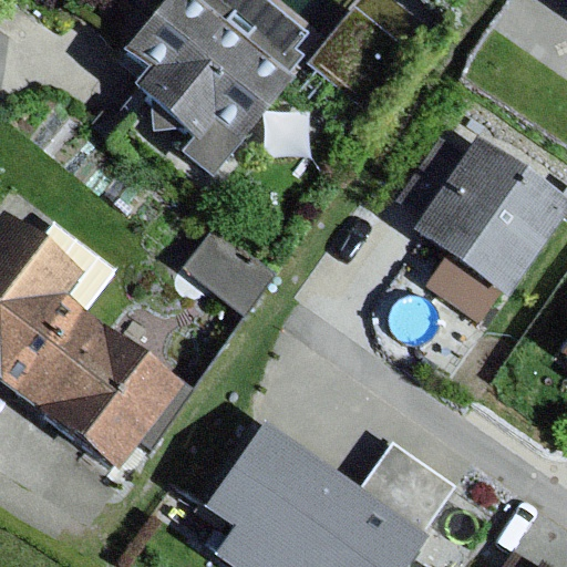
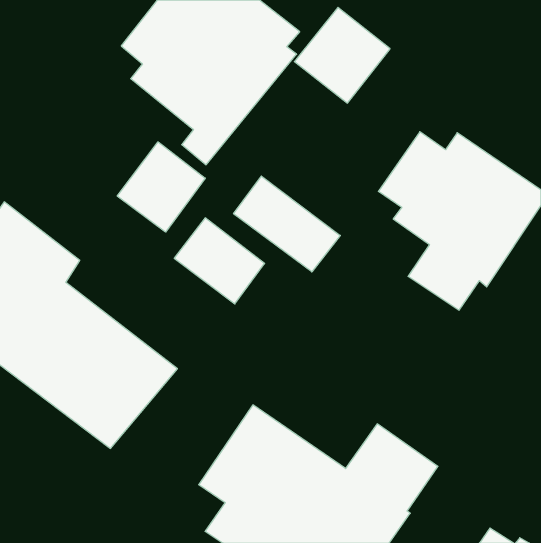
building: none -> [117,142,205,232]
building: none -> [234,176,340,272]

